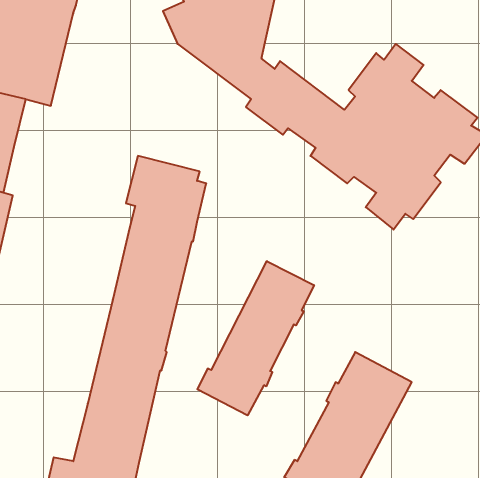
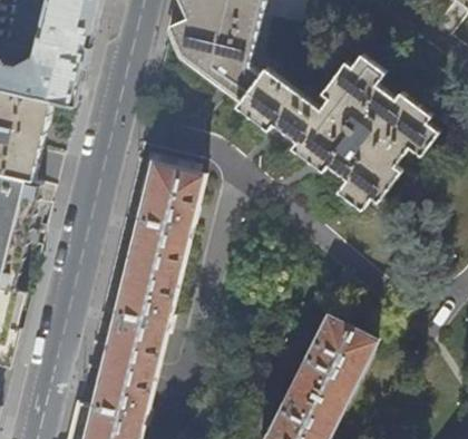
building: [197,261,314,415] -> none

